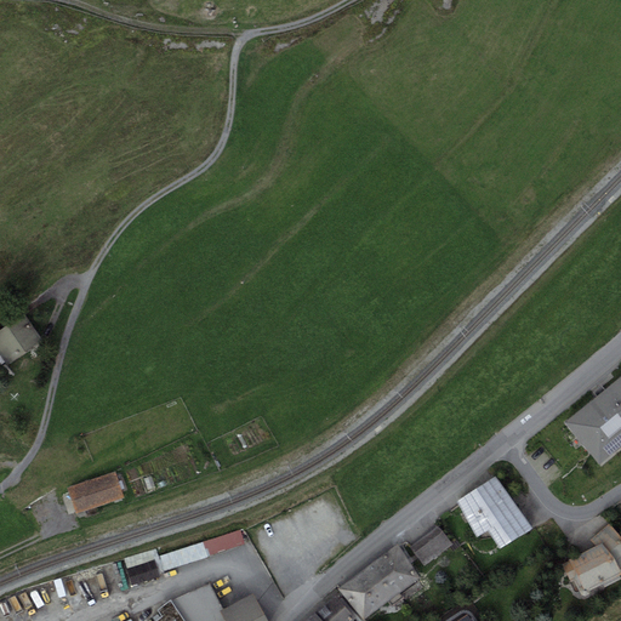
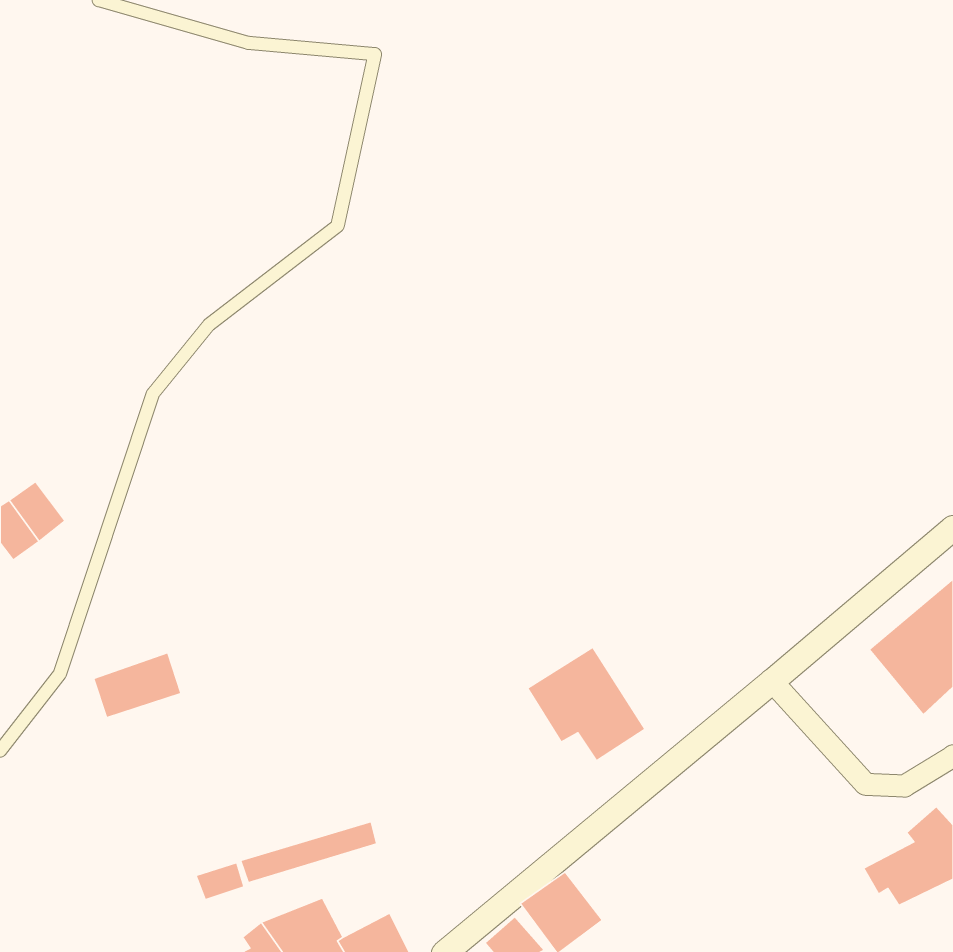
building: [67,472,124,514] -> [93,652,181,718]
building: [455,475,531,549] -> [528,647,645,761]
building: [410,526,452,566] -> none
building: [368,546,421,599] -> none

